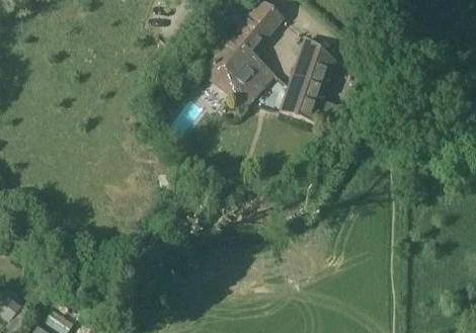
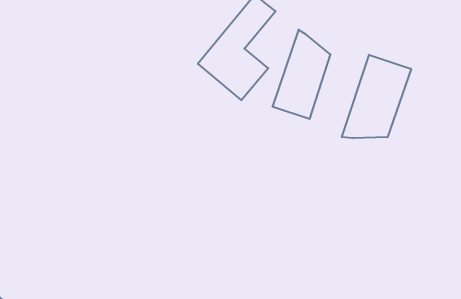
building: none -> [342,55,411,138]

